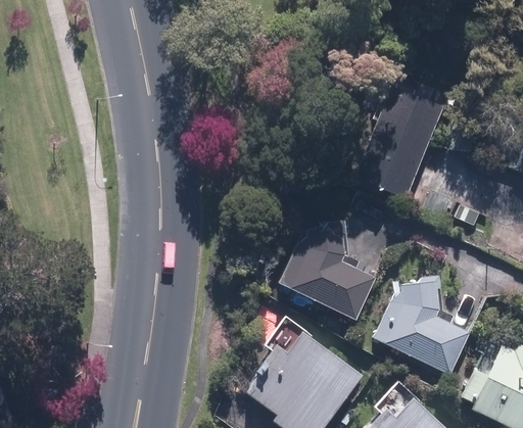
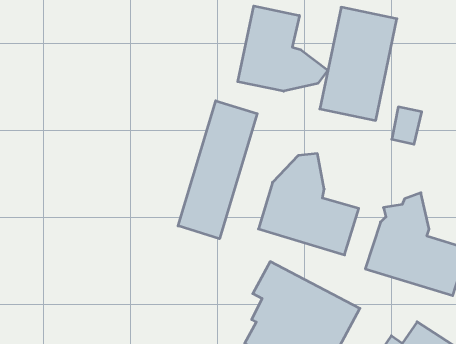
building: none -> [238,6,328,91]
building: none -> [178,101,257,239]

